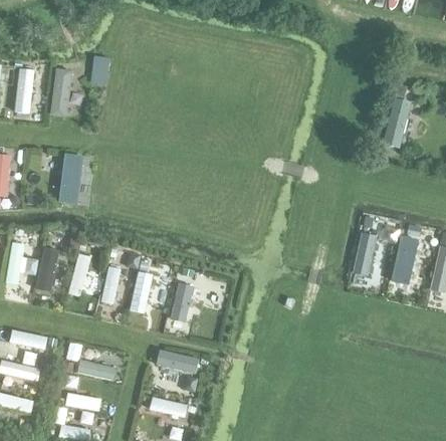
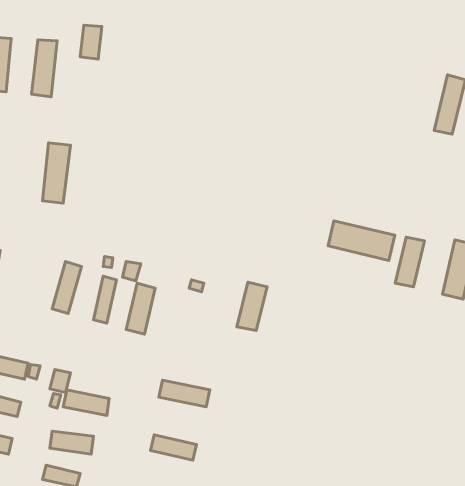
building: none -> [328,221,395,260]
building: [35,247,59,291] -> none
building: [169,281,194,321] -> [237,282,267,331]

